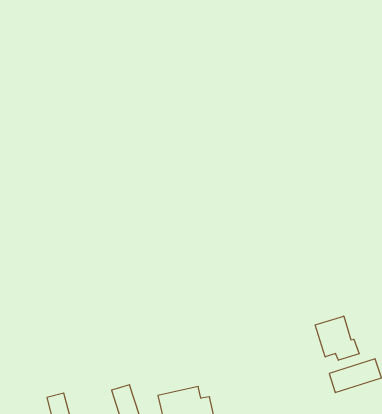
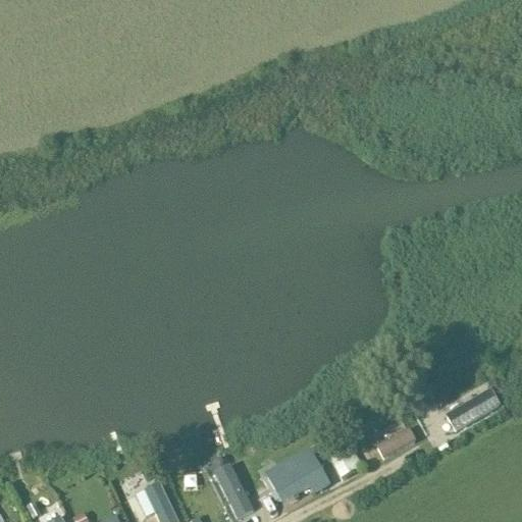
building: [315,316,359,360] -> none
building: none -> [375,426,417,460]

